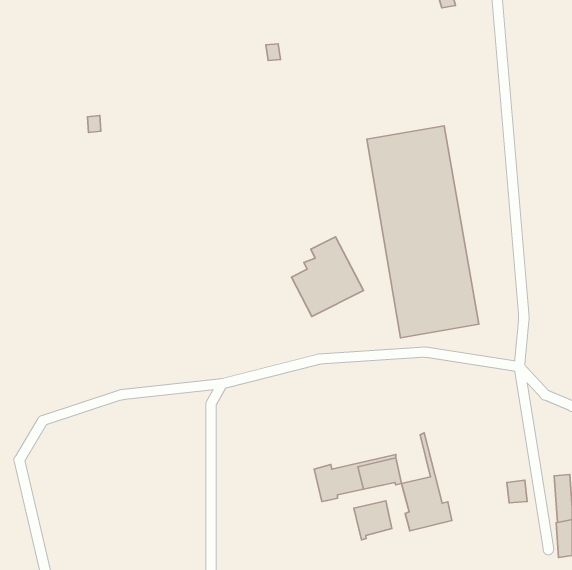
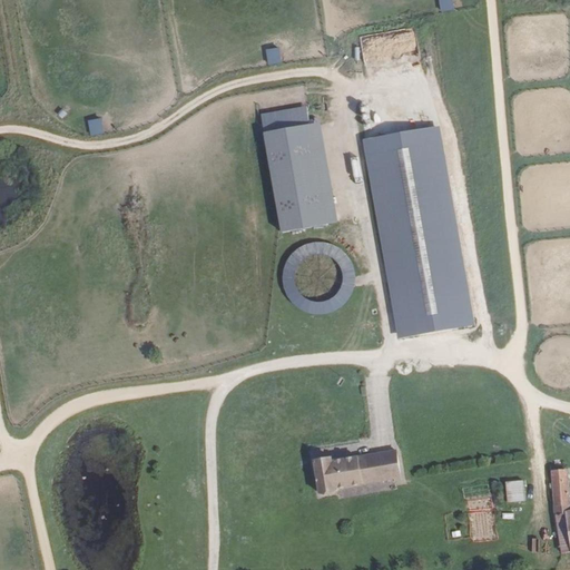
building: none -> [258,104,333,228]
building: [402,433,452,531] -> none
building: [354,501,392,540] -> none

